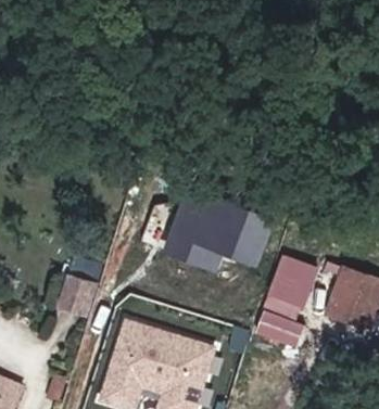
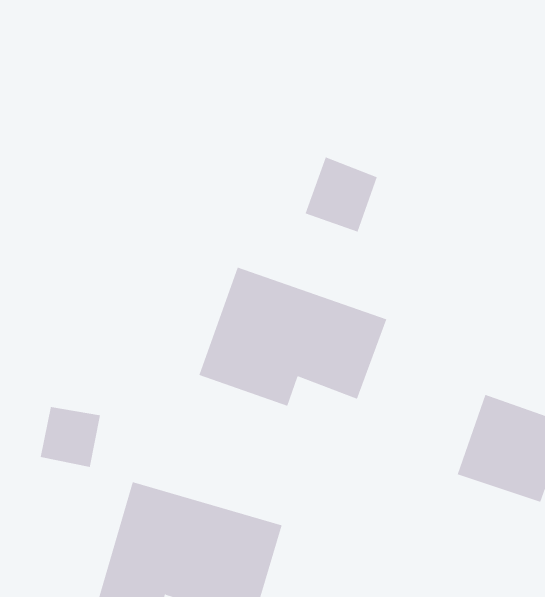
building: none -> [305,157,378,232]
building: [255,257,317,343] -> none

